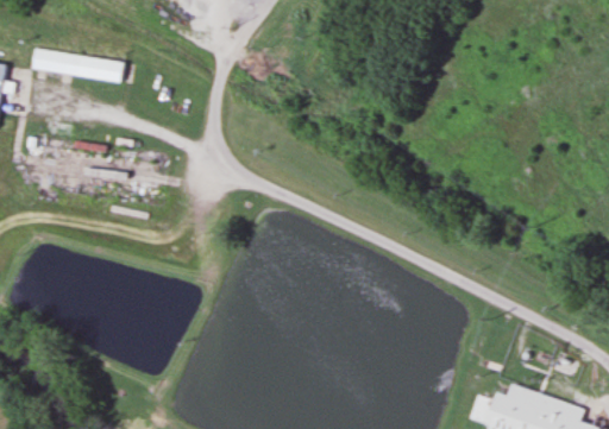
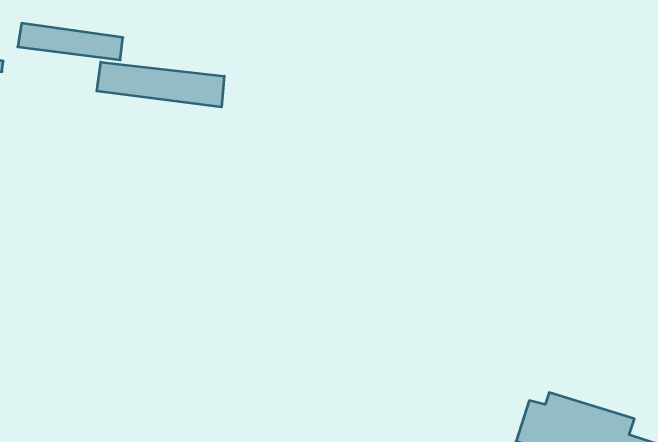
building: none -> [97,62,224,107]

